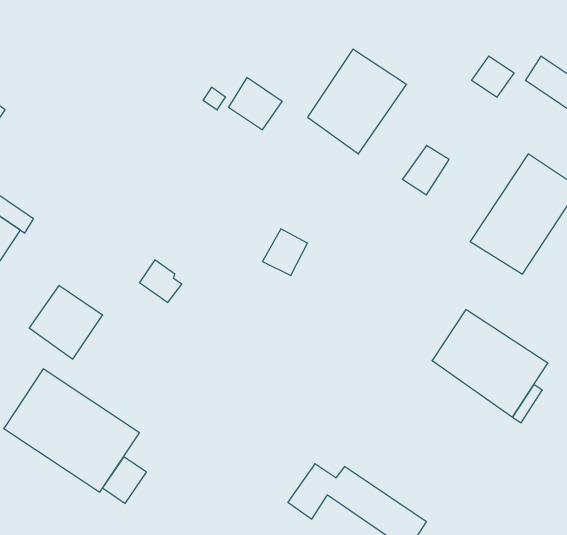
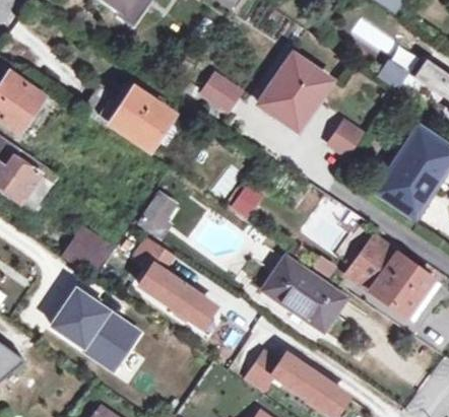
building: none -> [83,83,171,146]
building: none -> [136,235,213,324]
building: none -> [264,259,343,330]

